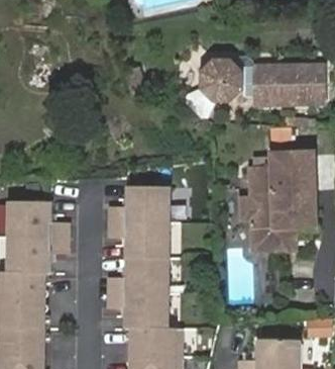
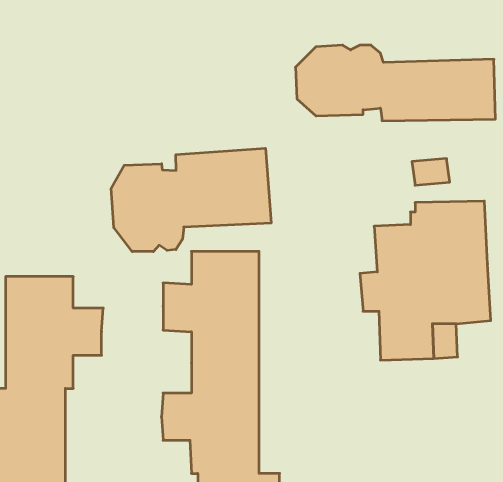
building: none -> [111,148,271,252]

